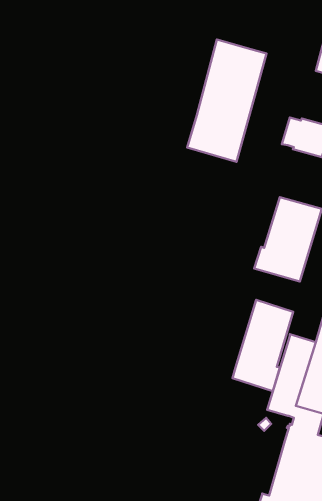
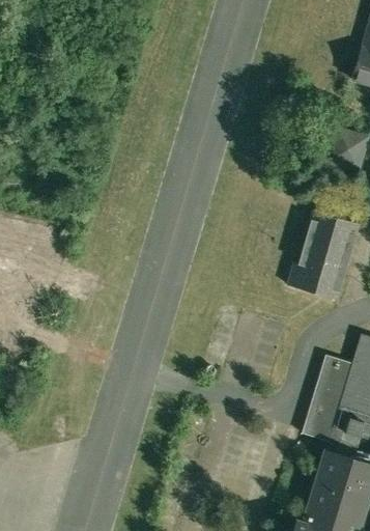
building: [187,39,267,162] -> none
building: [232,300,293,391] -> none

